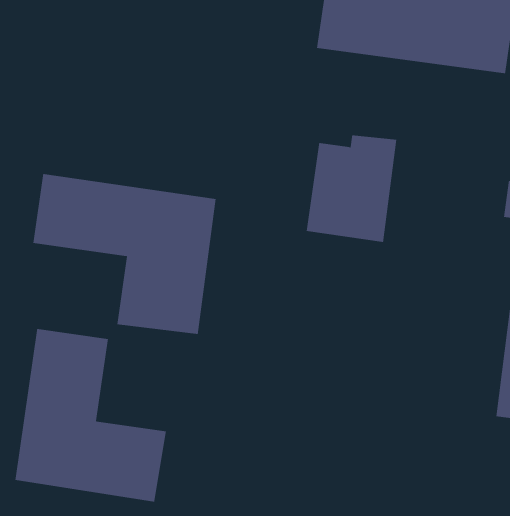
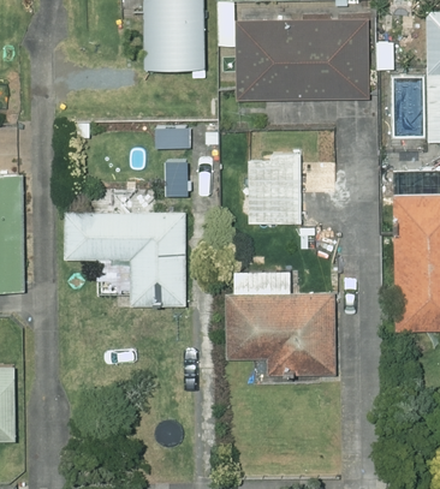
building: none -> [225,273,334,375]
building: [15,328,167,502] -> none

